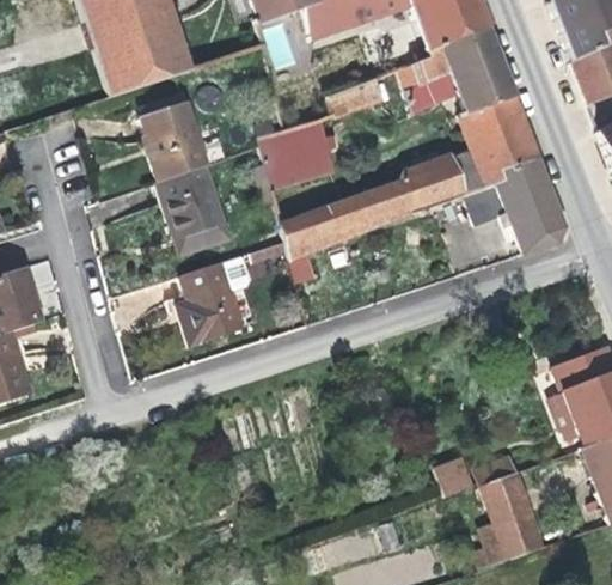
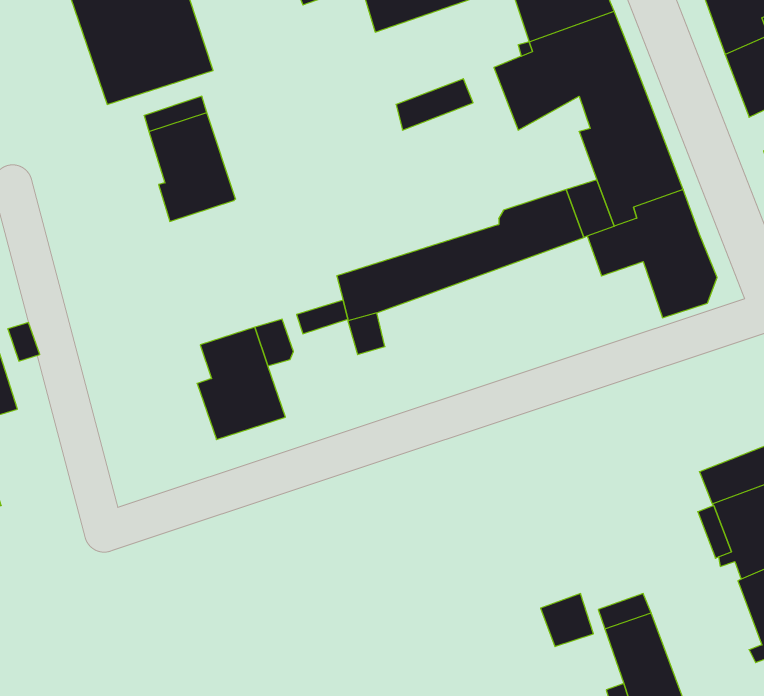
building: [258,116,336,187] -> none
building: [157,165,230,252] -> none

